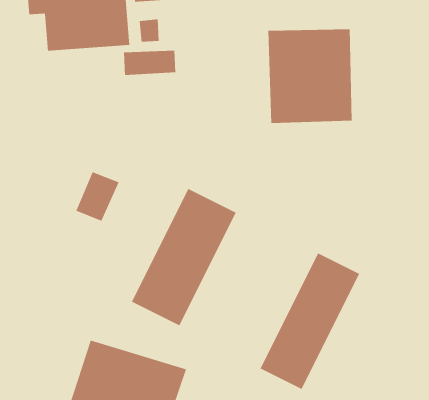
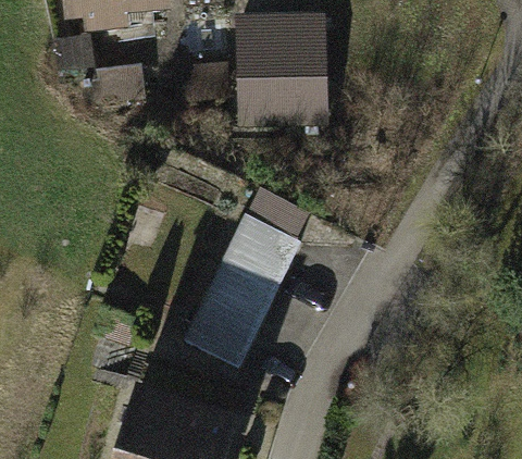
building: [268,29,353,124] -> [232,21,326,126]
building: [260,253,360,390] -> none

